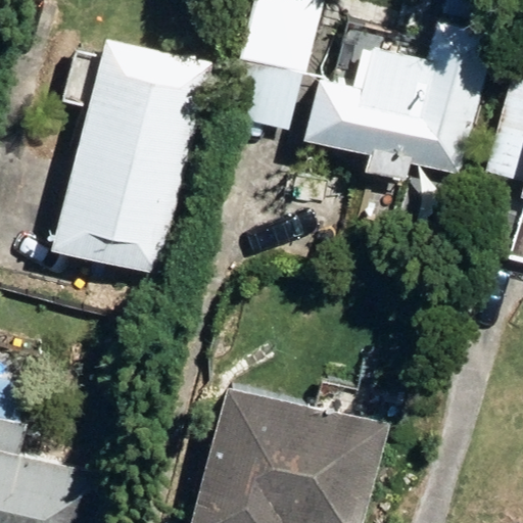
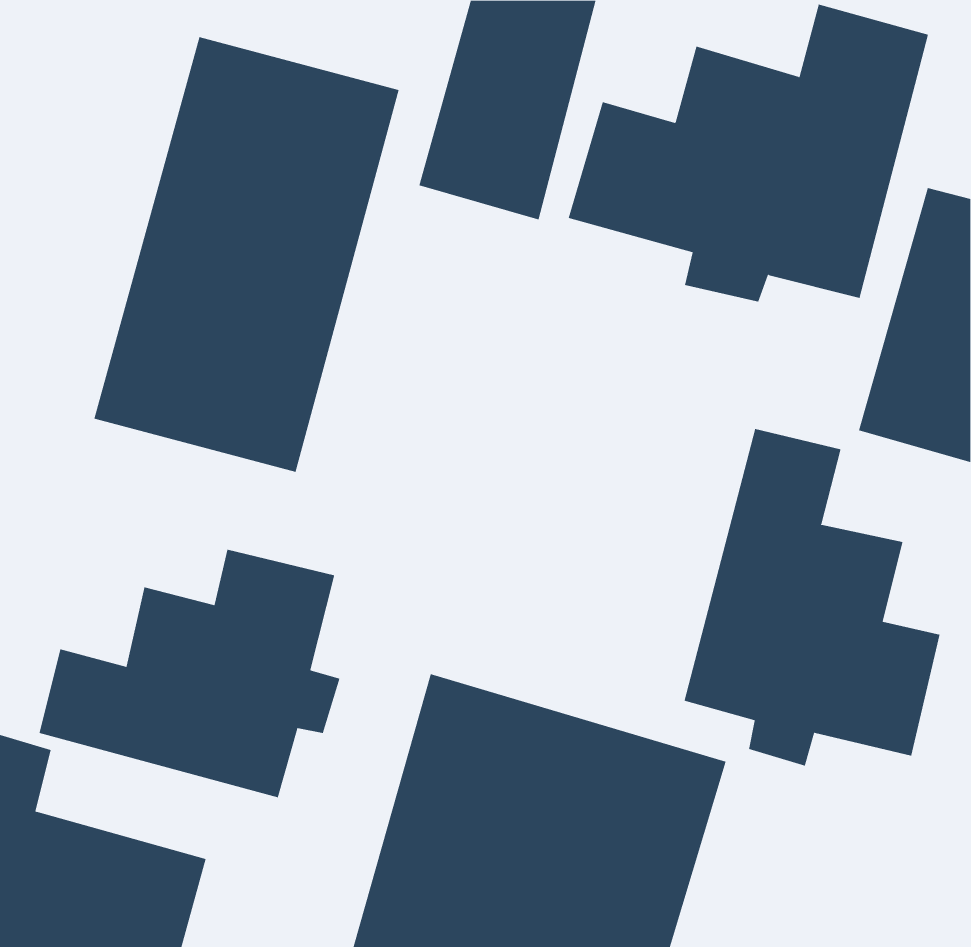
building: none -> [684,428,940,767]
building: none -> [39,549,340,798]

